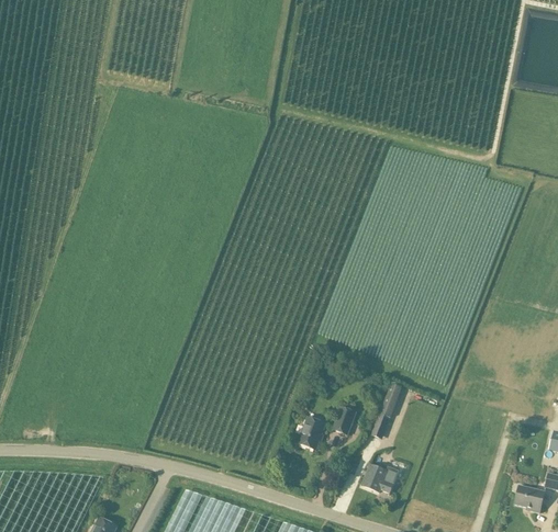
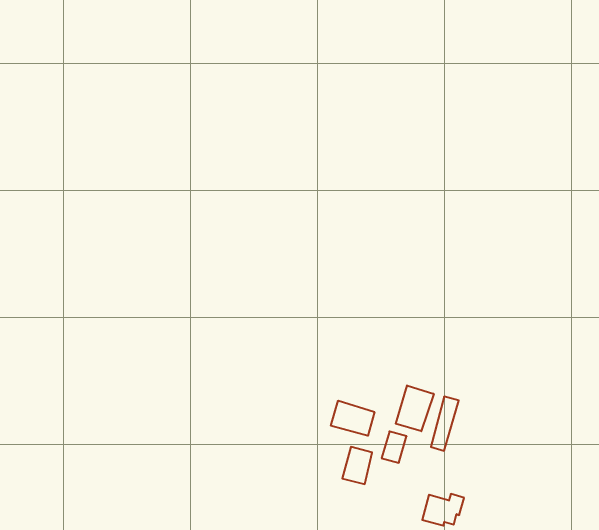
building: none -> [396,385,434,431]
building: none -> [331,401,374,436]

